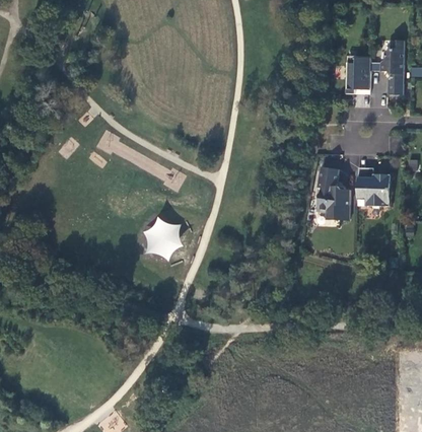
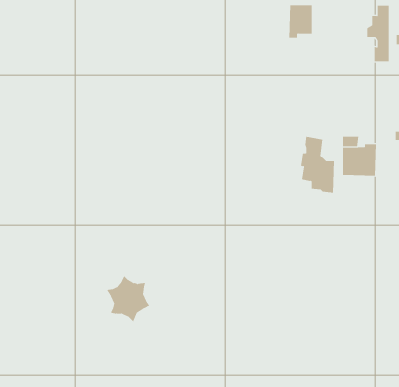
building: [347,57,370,89] -> [288,5,313,38]
building: [142,218,185,264] -> [106,275,150,322]

